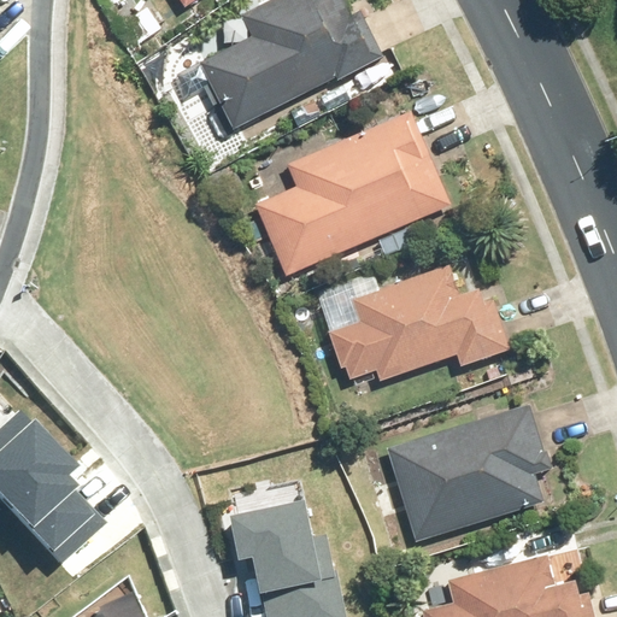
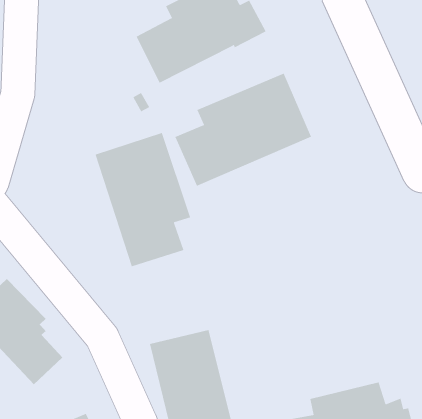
building: none -> [95,132,191,267]
building: [330,269,512,382] -> none
building: [387,402,556,540] -> none

